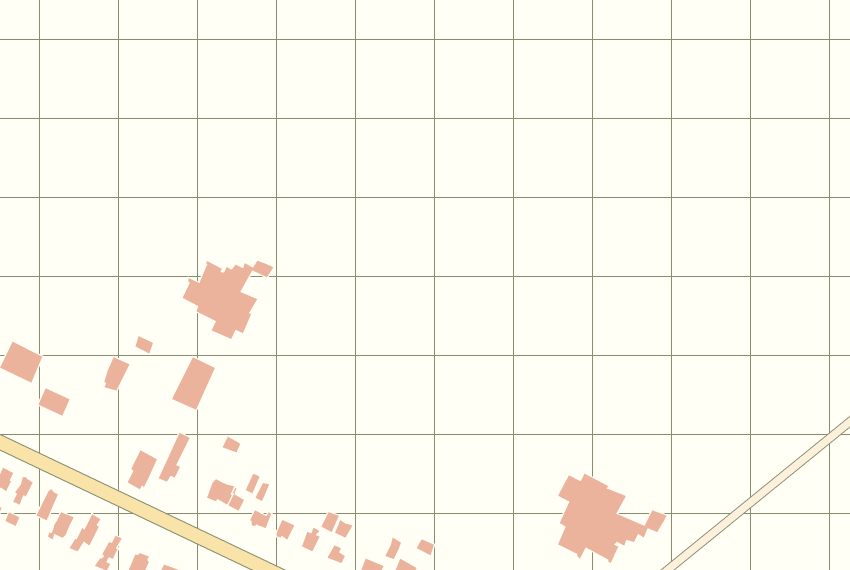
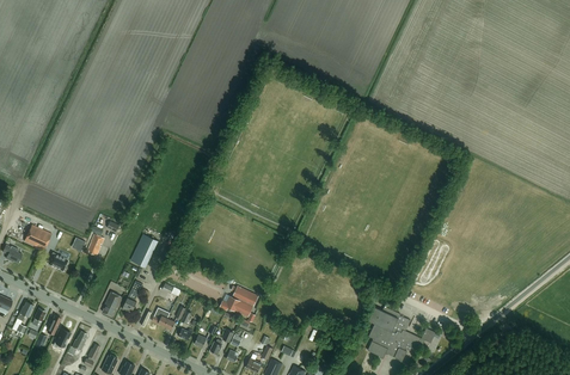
building: [182,260,274,340] -> none
building: none -> [220,285,258,318]

